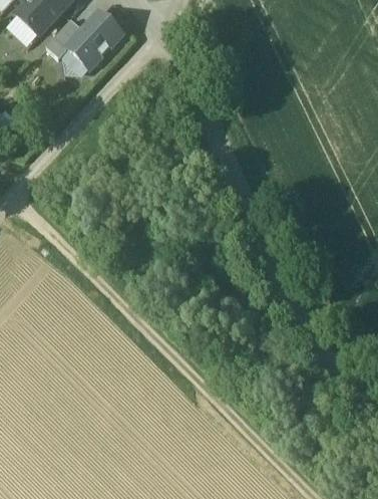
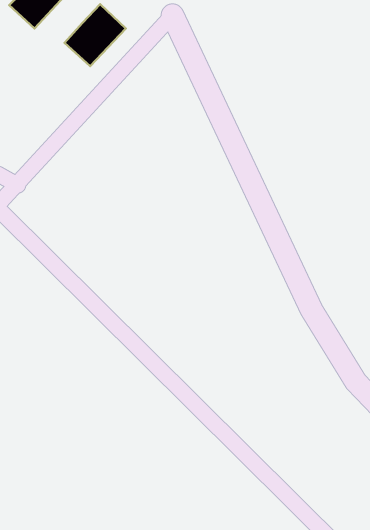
building: [47,19,83,57] -> none

